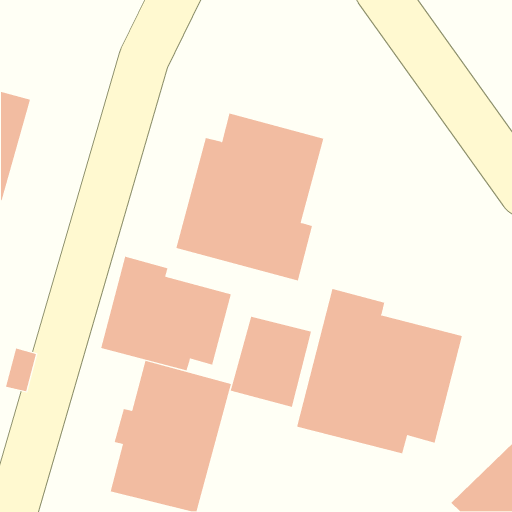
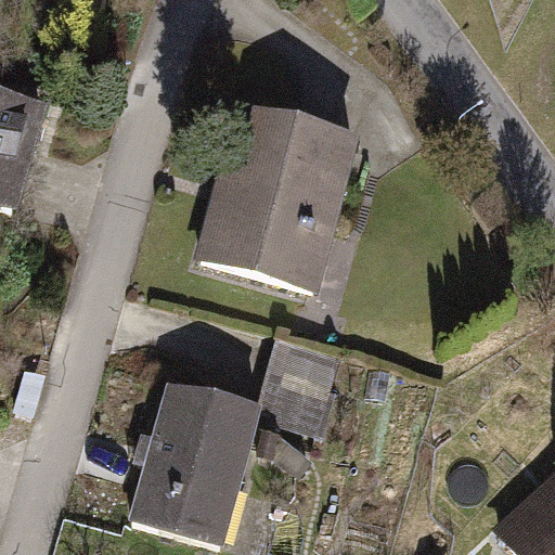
building: [100,256,232,371] -> none
building: [296,288,462,454] -> none

